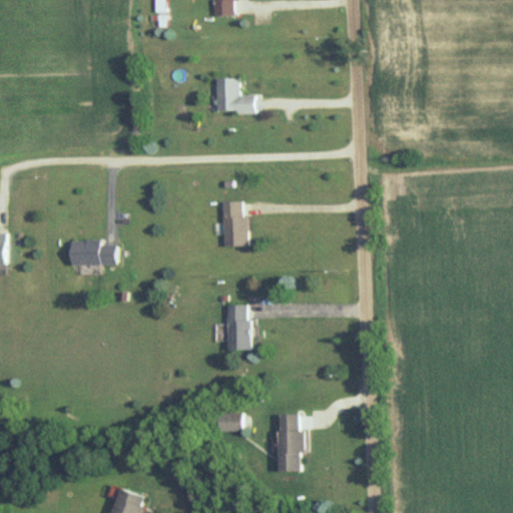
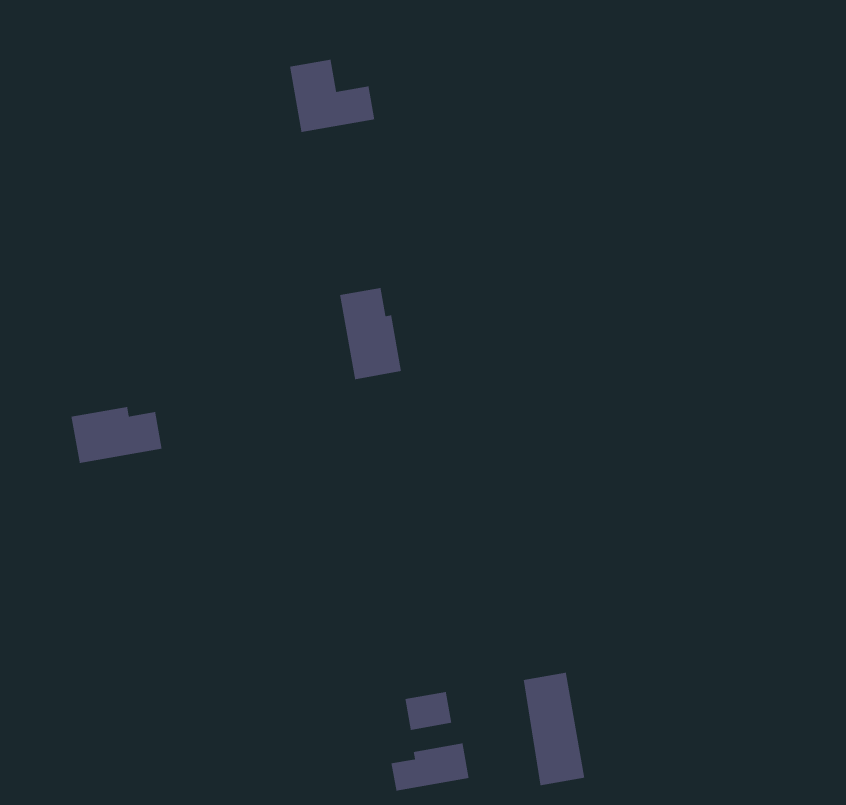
building: [224,304,247,349] -> none
building: none -> [391,743,469,792]

